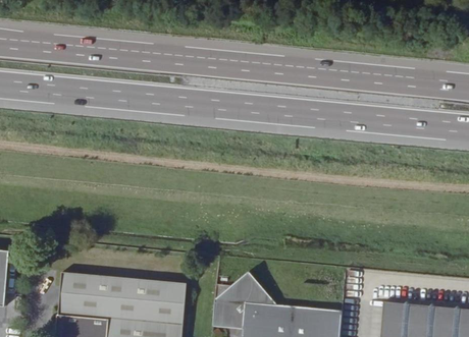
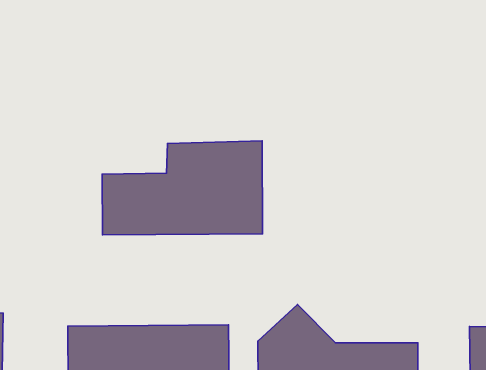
building: none -> [102,141,262,235]

